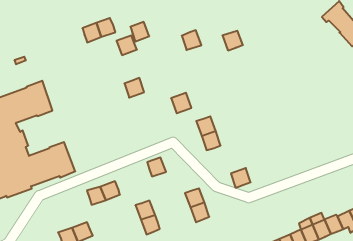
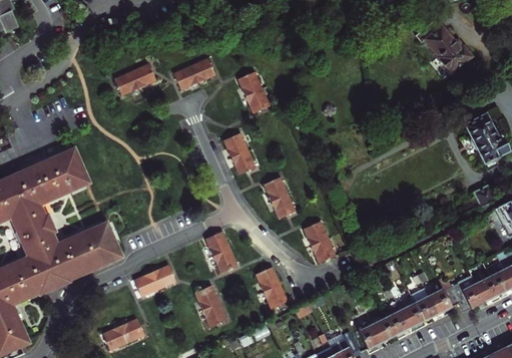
building: [222,31,243,50] -> [245,90,272,115]
building: [116,35,137,55] -> [190,58,216,83]
building: [124,78,144,98] -> [223,133,248,158]
building: none -> [304,222,329,247]
building: none -> [213,250,237,275]

